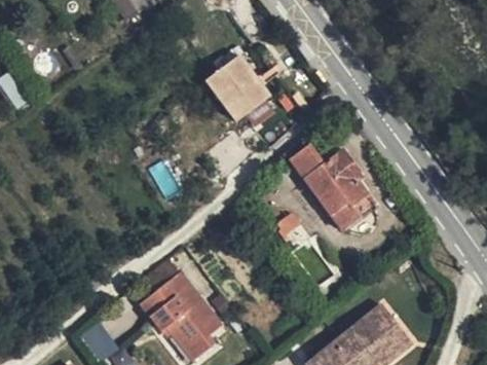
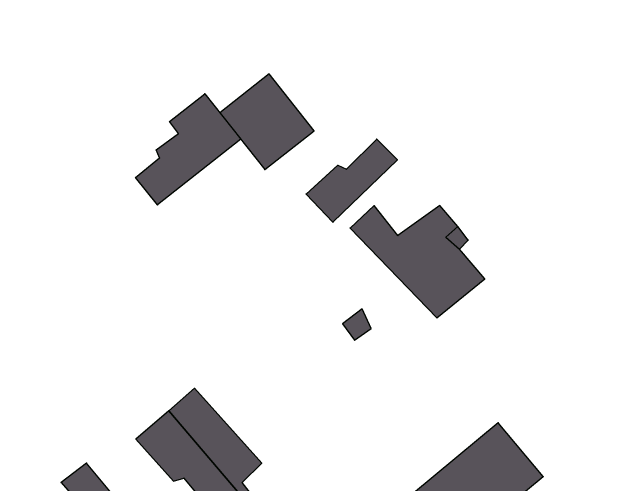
building: none -> [136,94,241,205]
building: none -> [306,139,397,222]

